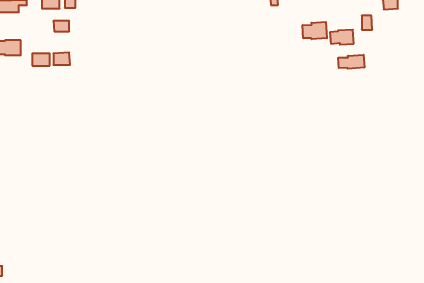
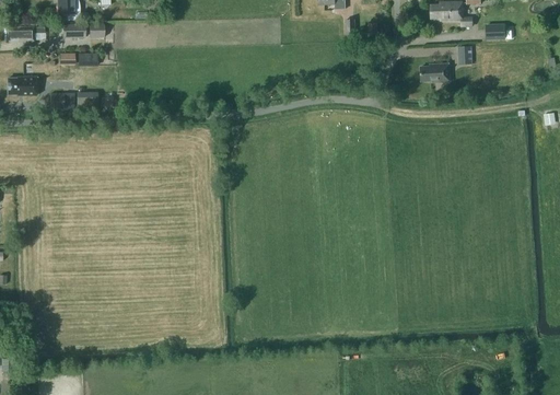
building: [303,22,327,39] -> none
building: [338,55,364,69] -> none

